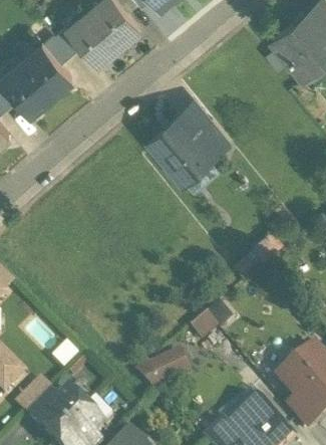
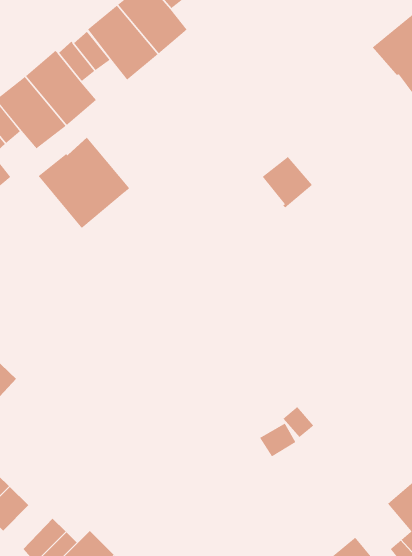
building: none -> [38,137,130,229]
building: [151,116,210,176] -> none
building: [150,355,185,385] -> none

